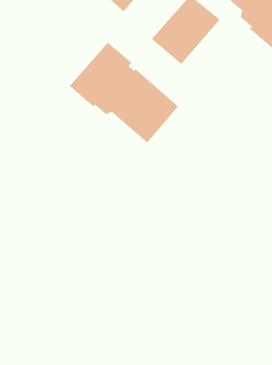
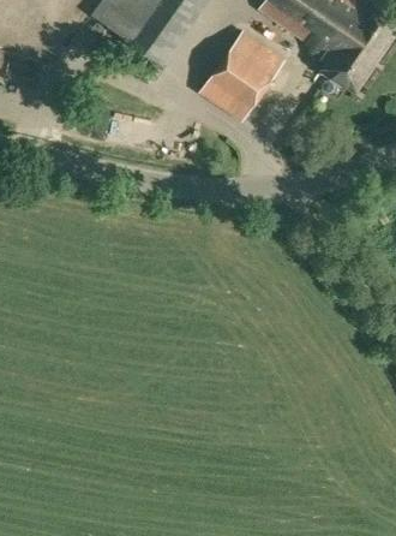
building: [69,42,179,143] -> none

